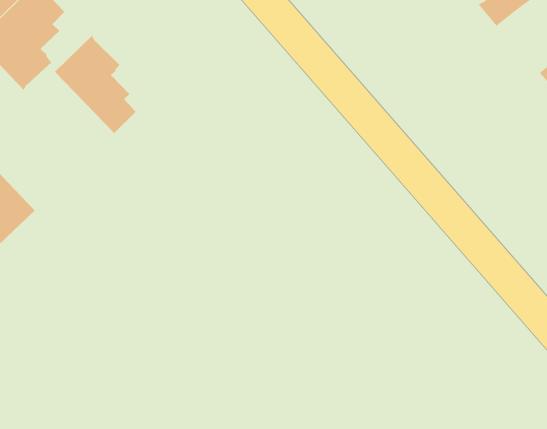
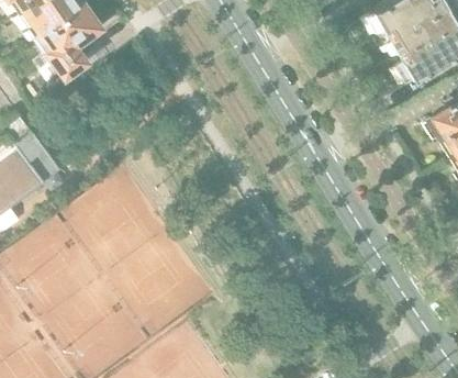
building: [54,35,137,134] -> none

